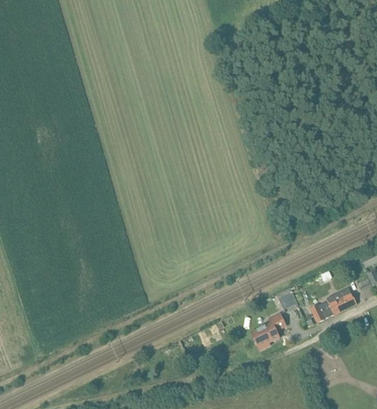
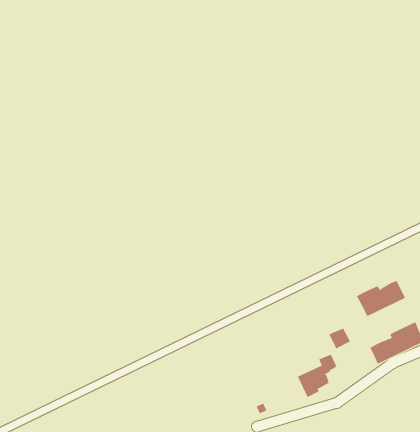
building: none -> [356,280,406,317]

